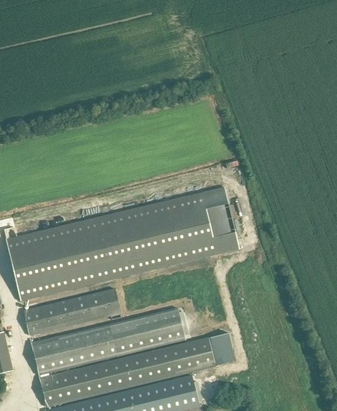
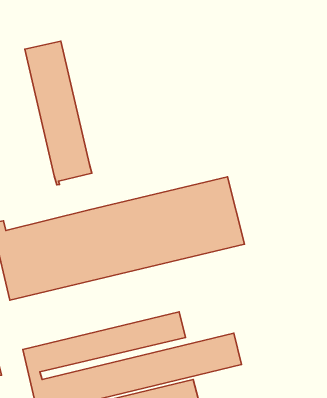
building: none -> [25,41,92,185]
building: [23,287,120,335] -> none

